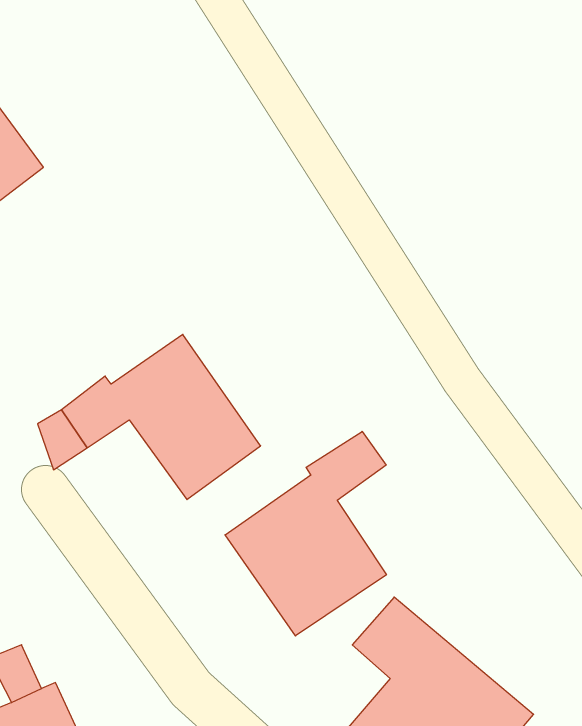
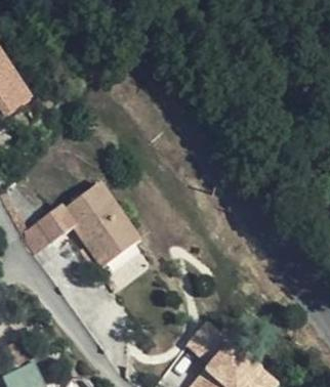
building: [225,431,386,636] -> none

